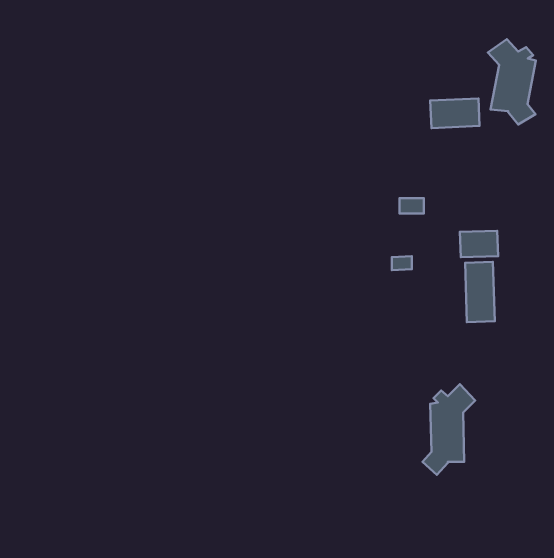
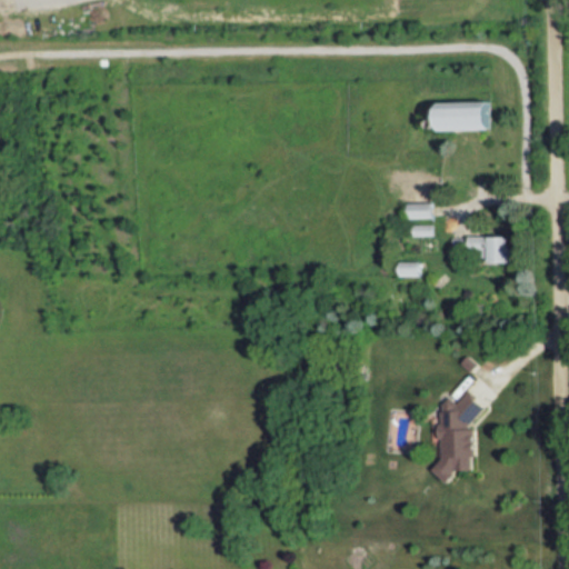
building: [488,39,536,124] -> none
building: [465,262,495,322] -> none

